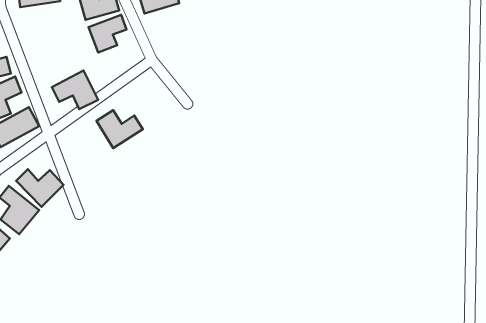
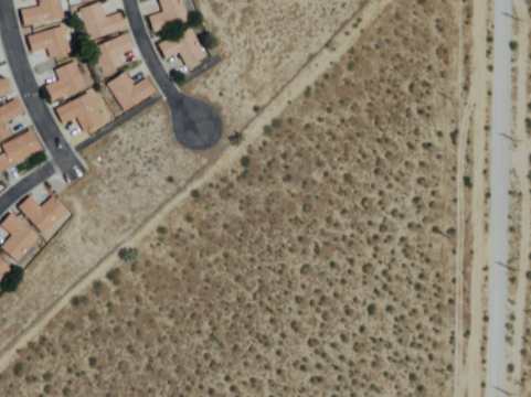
building: none -> [26,25,71,58]
building: none -> [158,26,206,67]
building: none -> [45,61,86,101]
building: [96,110,143,148] -> [107,72,156,111]

